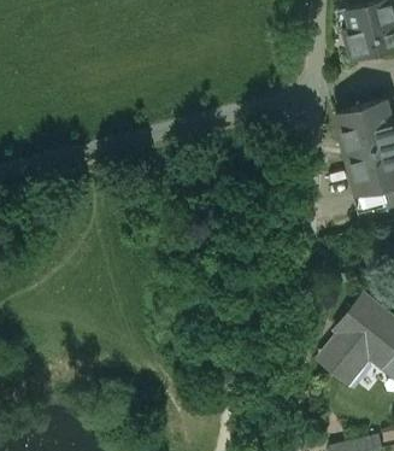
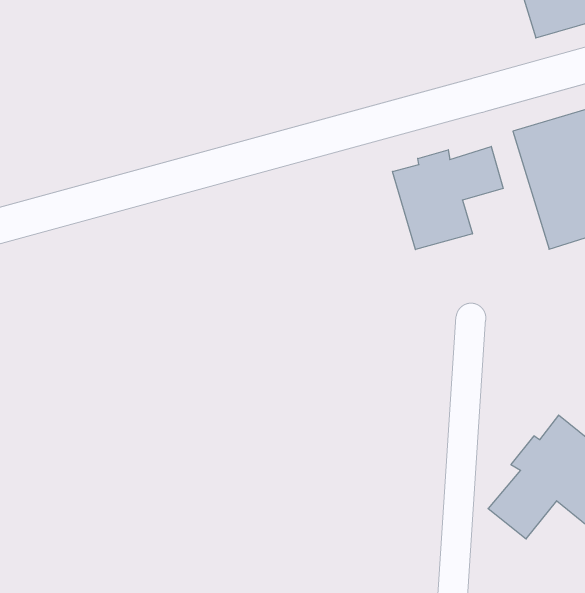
building: none -> [393,146,503,250]

